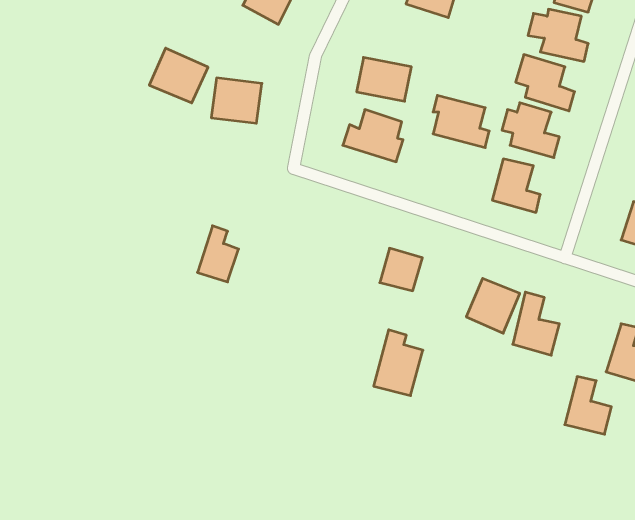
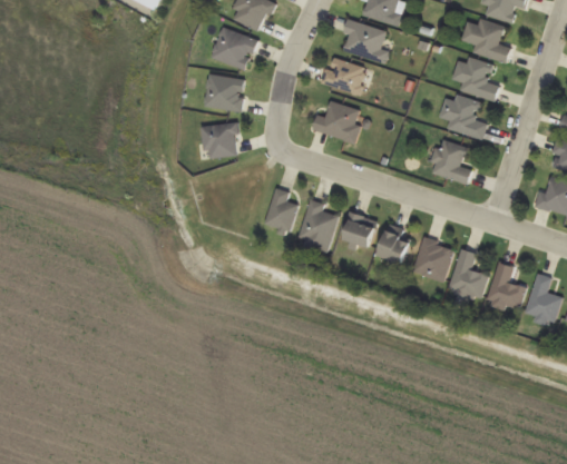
building: [149,48,208,103] -> [209,26,257,70]
building: [433,95,489,148] -> [343,20,389,62]
building: none -> [199,121,239,158]
building: [197,226,239,282] -> [264,186,297,231]
building: none -> [375,230,409,264]
building: [374,330,423,396] -> [296,198,336,251]
building: [565,377,611,434] -> [487,263,525,309]

